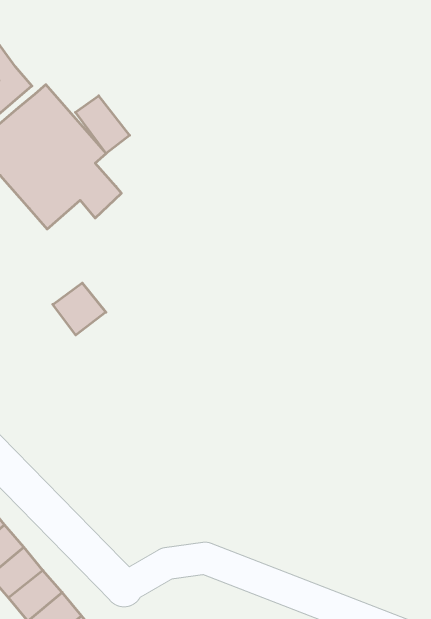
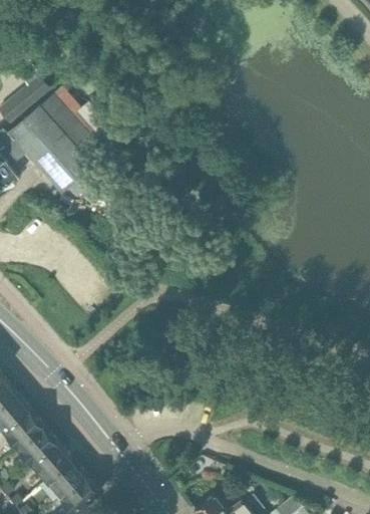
building: [75,96,130,153] -> none
building: [53,283,106,335] -> none

